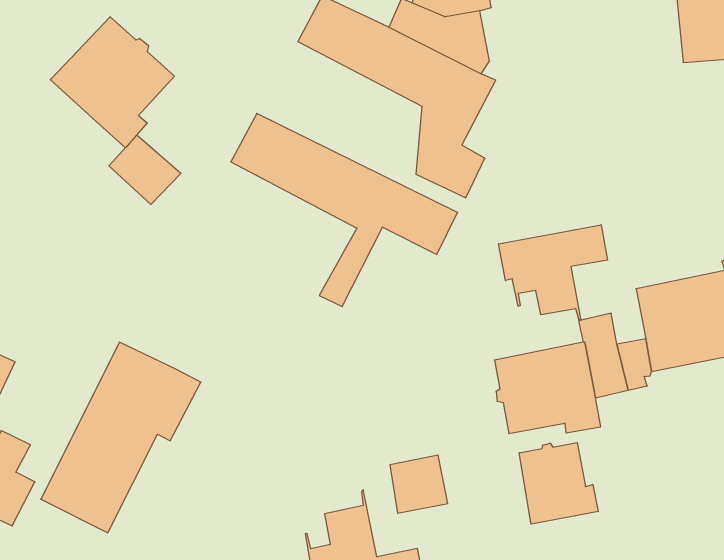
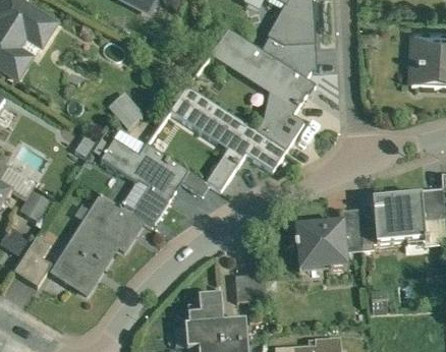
building: [50,17,174,148] -> none
building: [499,225,608,320] -> none
building: none -> [101,140,209,228]
building: [519,443,598,524] -> none

